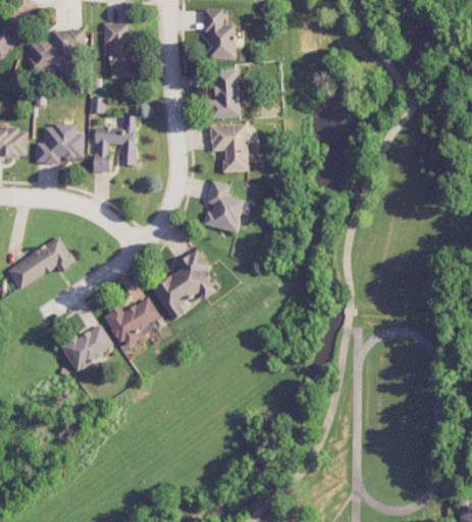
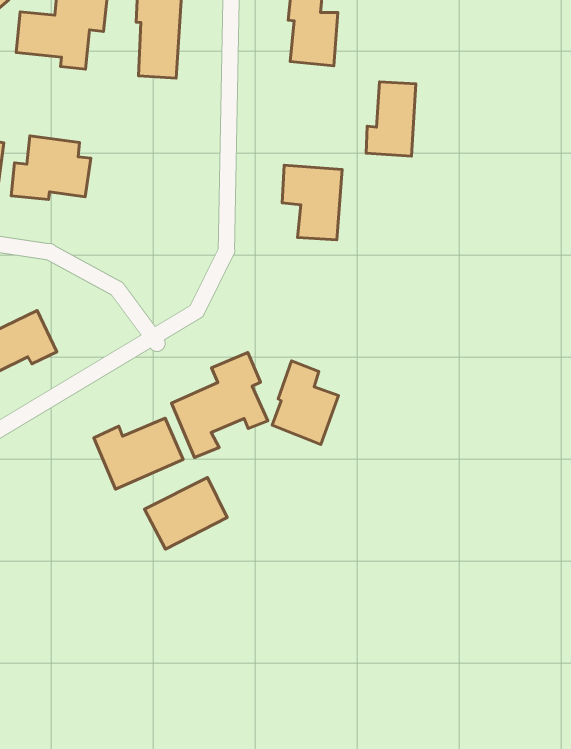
building: [208,69,239,117] -> [366,82,416,156]
building: [93,115,135,171] -> none
building: [203,180,244,232] -> [272,361,338,444]
building: [60,322,114,371] -> [144,478,227,549]

